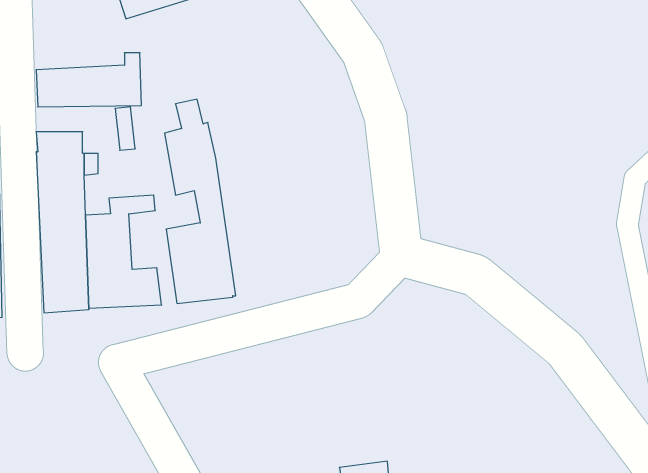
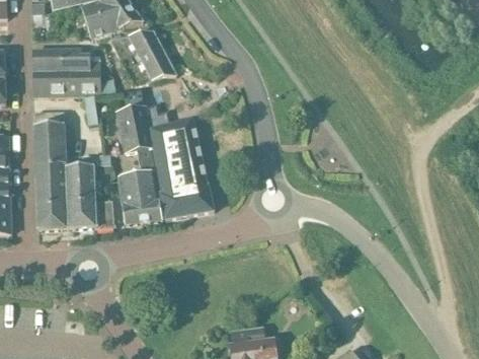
building: none -> [111,29,176,85]
building: none -> [33,48,91,71]
building: none -> [151,118,215,219]

